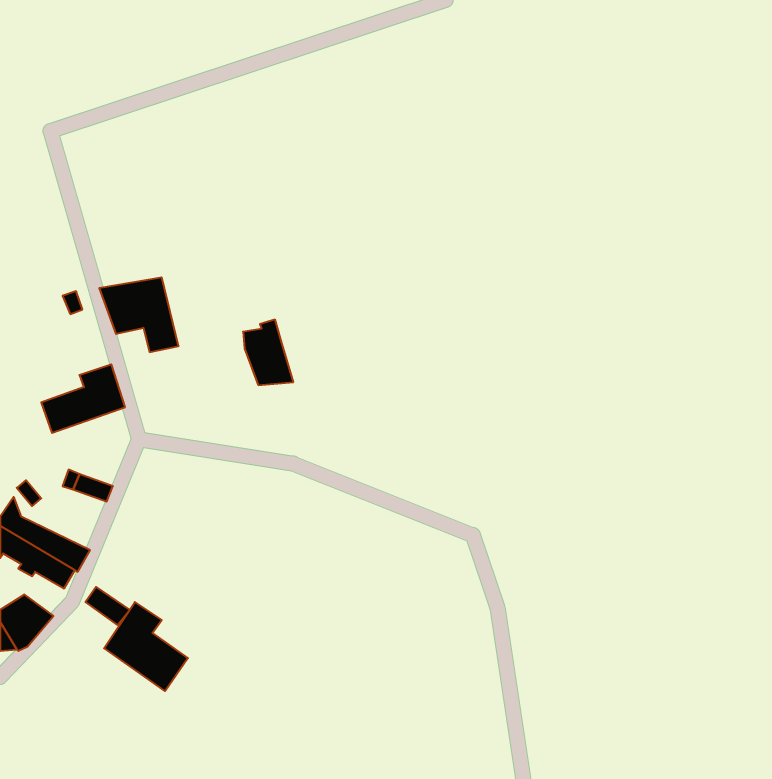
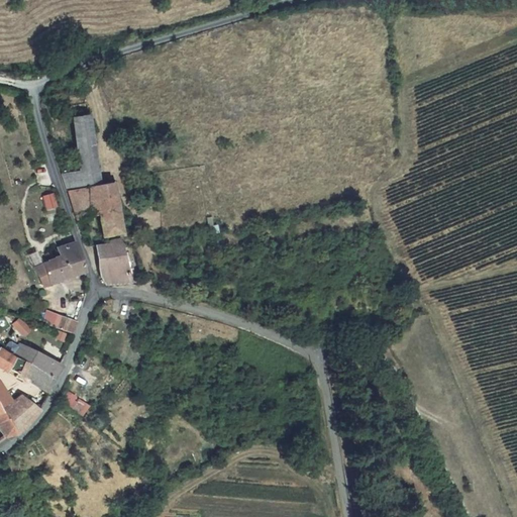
building: none -> [65,116,112,191]
building: [243,320,293,385] -> [98,239,131,283]
building: [104,602,188,691] -> none

